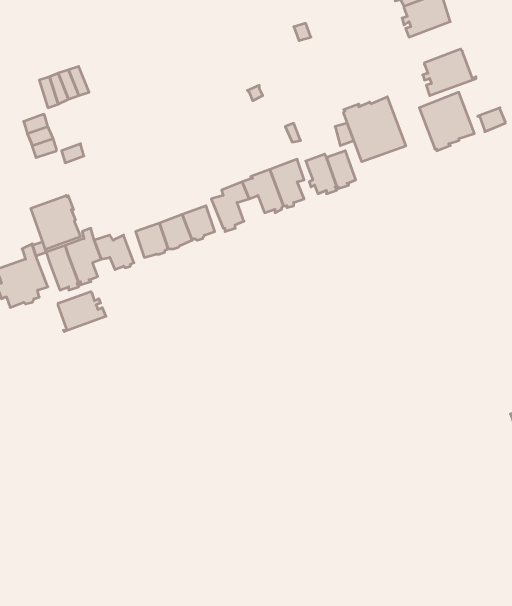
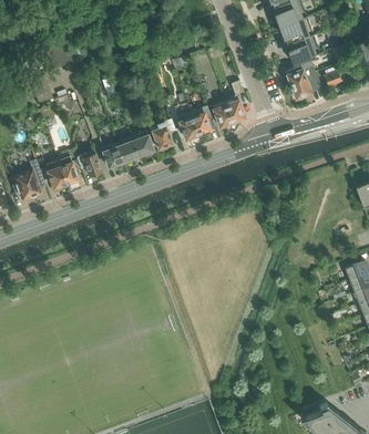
building: none -> [279,14,312,42]
building: [344,97,406,162] -> none
building: [31,195,80,249] -> none
building: [58,292,106,332] -> none

